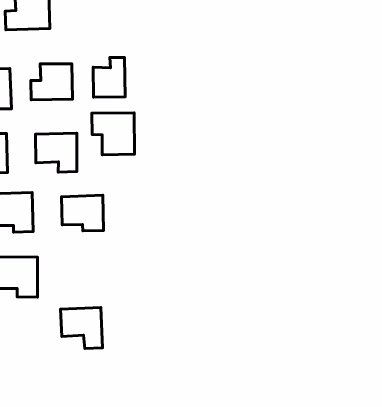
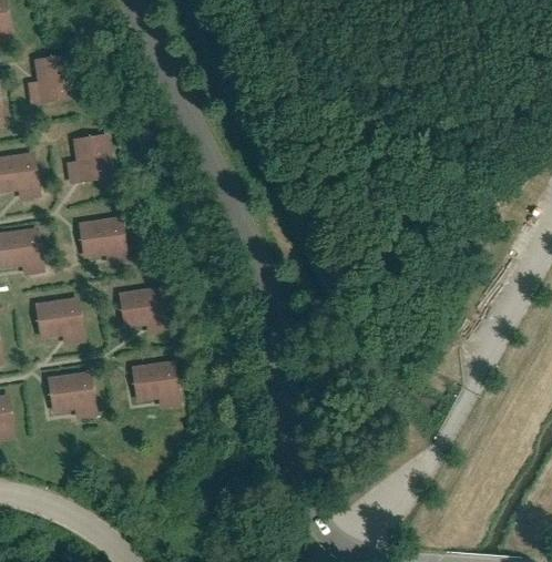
building: [93,57,125,97] -> none
building: [92,113,135,155] -> none
building: [61,307,103,348] -> [126,359,182,410]

